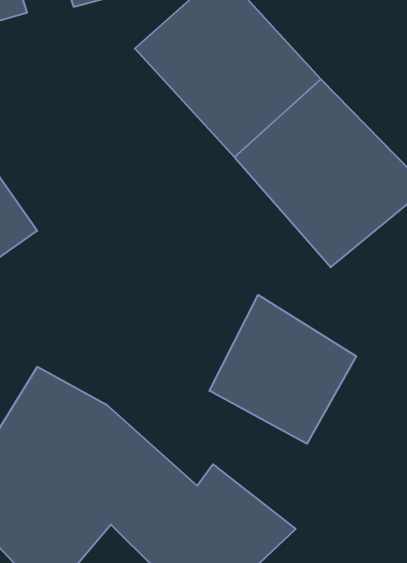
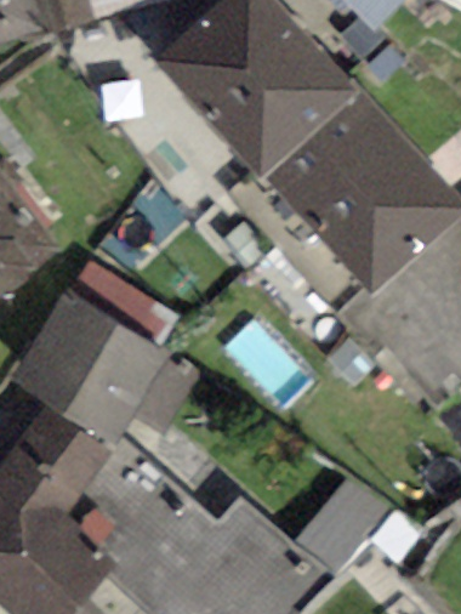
building: none -> [22,278,209,436]
building: [209,295,356,444] -> none

